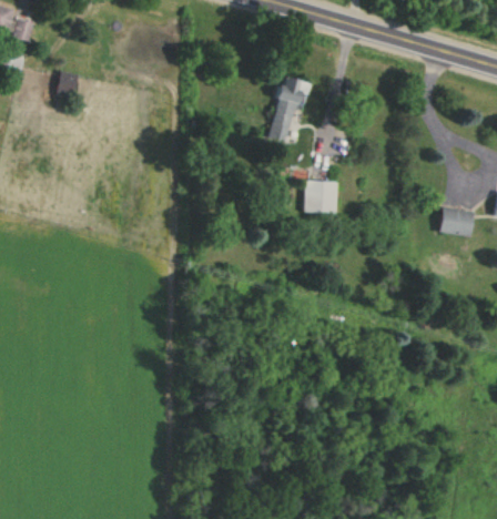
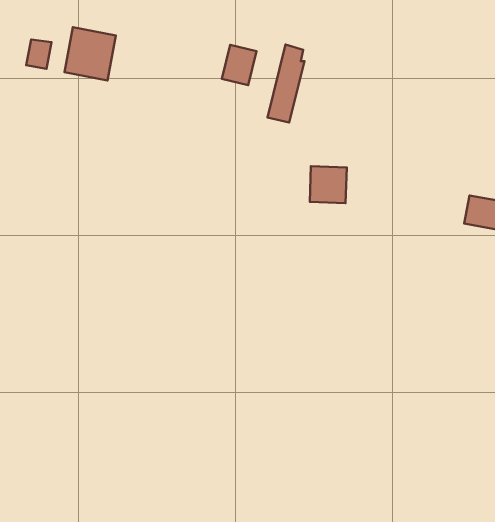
building: none -> [64,27,116,80]
building: none -> [222,45,257,85]

